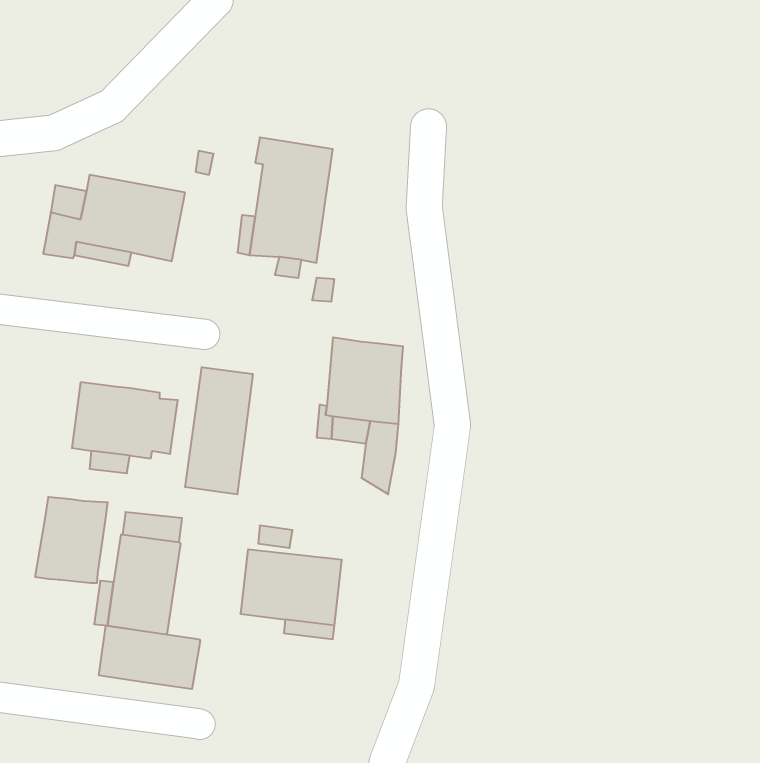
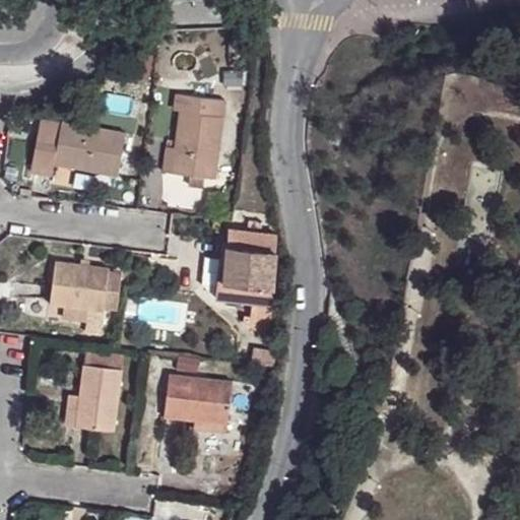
building: [185,367,253,494] -> none
building: [35,497,108,583] -> none
building: [99,626,200,689] -> none

